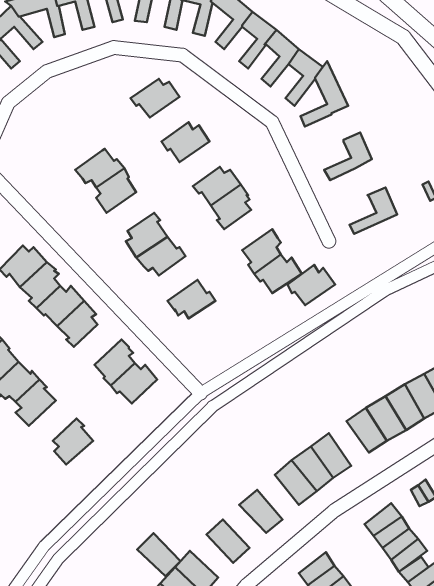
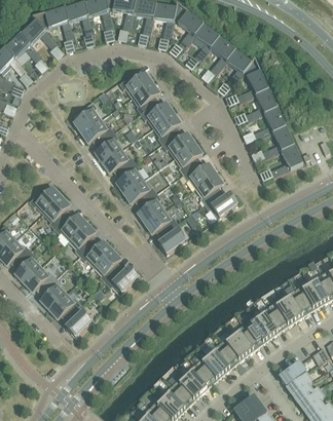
building: none -> [132,82,158,113]
building: none -> [244,88,276,121]
building: none -> [73,101,101,132]
building: none -> [152,113,180,144]
building: none -> [261,125,294,159]
building: none -> [102,148,135,175]
building: none -> [137,192,164,223]
building: [287,265,335,305] -> [183,160,216,188]
building: none -> [158,223,186,254]
building: none -> [79,239,112,267]
building: none -> [48,292,81,319]
building: none -> [255,306,283,337]
building: none -> [206,343,234,374]
building: none -> [182,363,212,393]
building: [137,533,180,576] -> [159,384,189,414]

